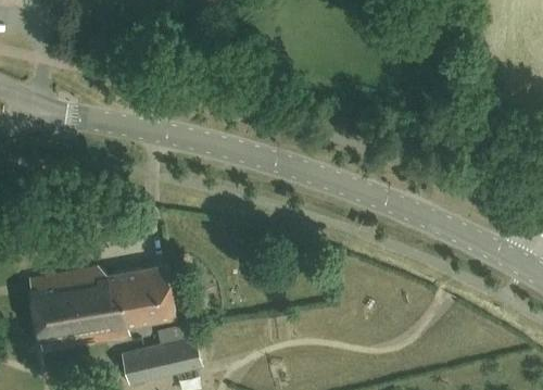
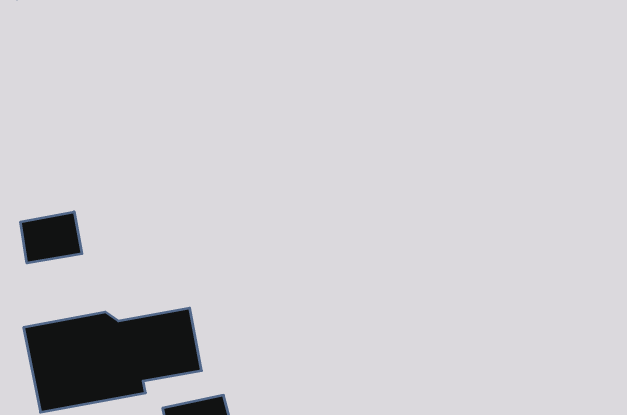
building: none -> [21,212,82,263]

